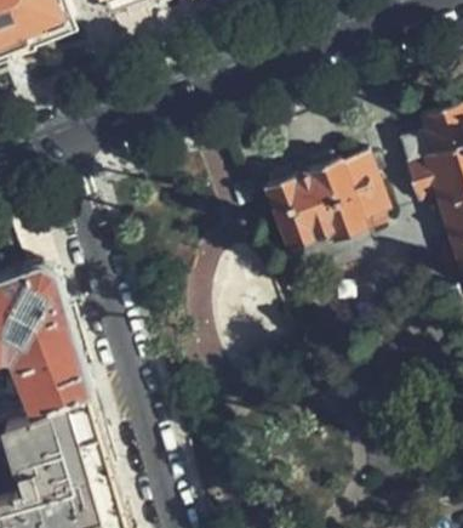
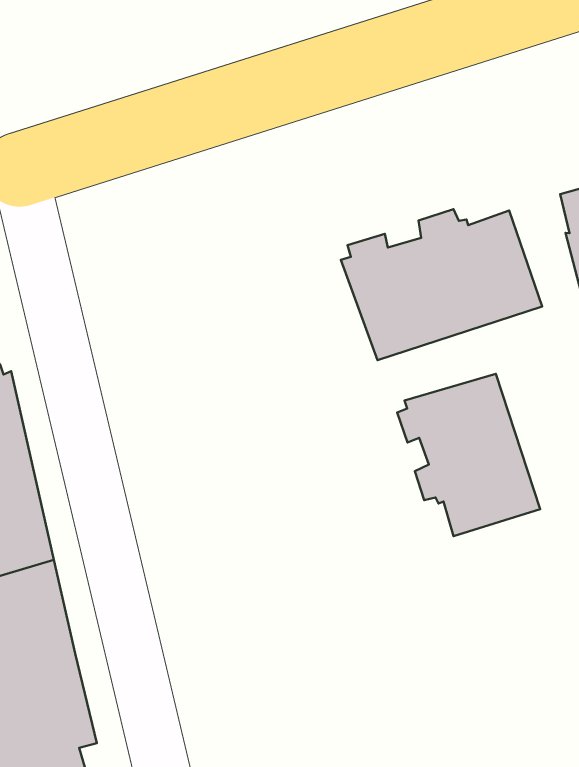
building: none -> [397,374,540,536]

